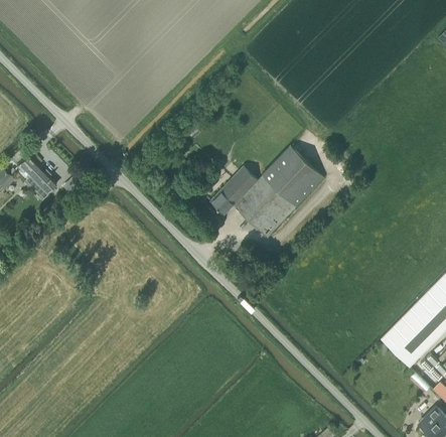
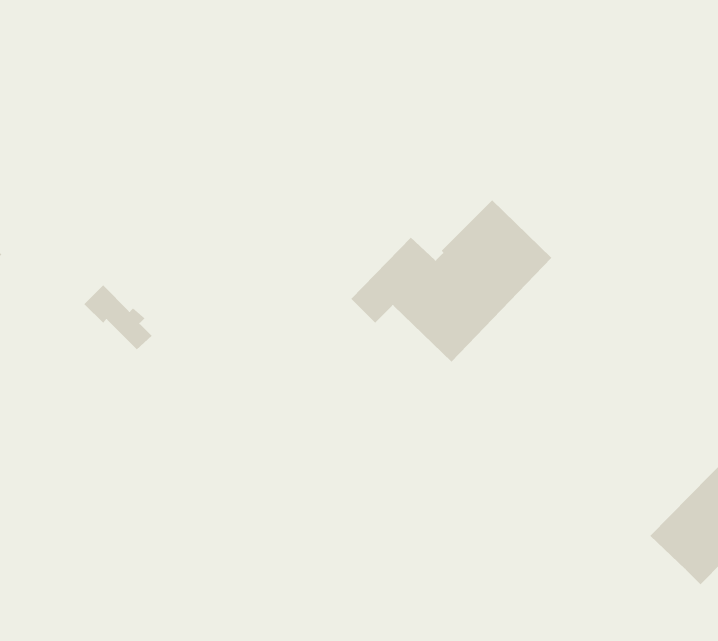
building: [17,157,56,194] -> [84,285,153,350]

